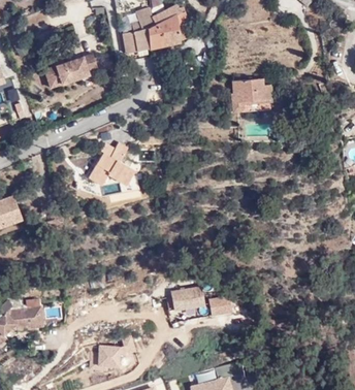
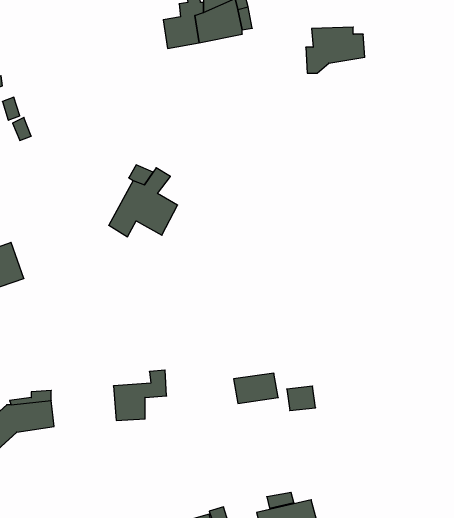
building: [44,55,98,90] -> none
building: [229,79,271,112] -> [306,27,365,73]
building: [96,336,134,372] -> [113,370,167,420]

